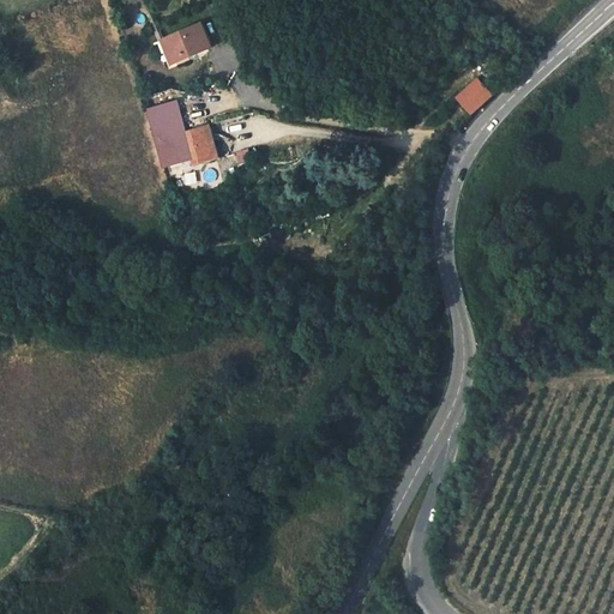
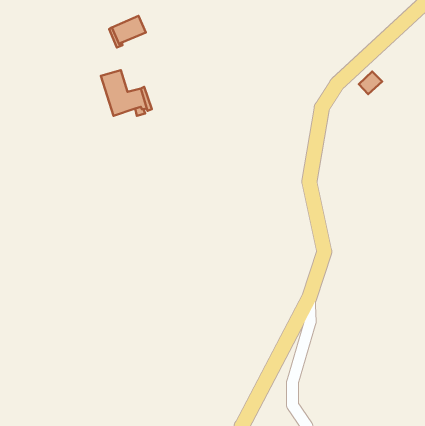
building: [457,79,490,112] -> [359,72,382,94]

